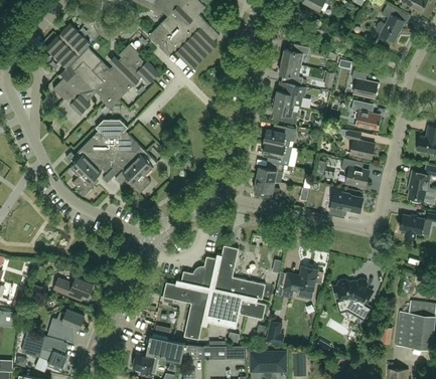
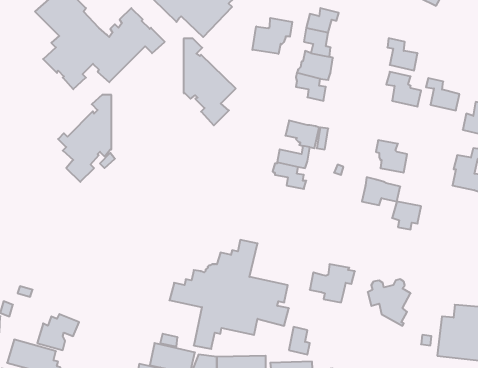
building: none -> [252,18,292,54]
building: [112,120,157,195] -> [184,39,236,125]
building: [264,127,296,147] -> none
building: [345,131,375,159] -> [426,78,459,110]
building: [399,215,424,239] -> [392,202,421,229]
building: [53,277,93,301] -> none

